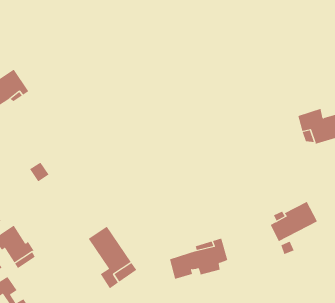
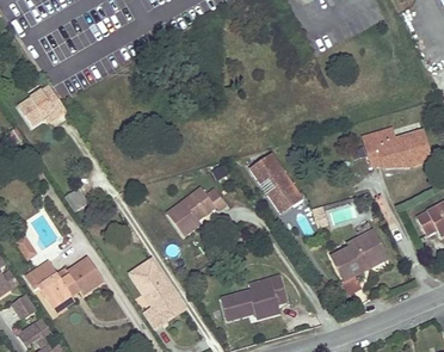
building: none -> [251,158,304,218]
building: none -> [166,189,226,237]
building: none -> [63,257,103,295]

